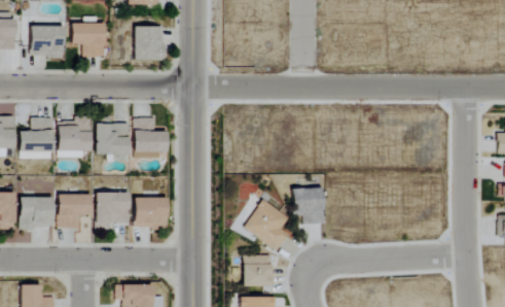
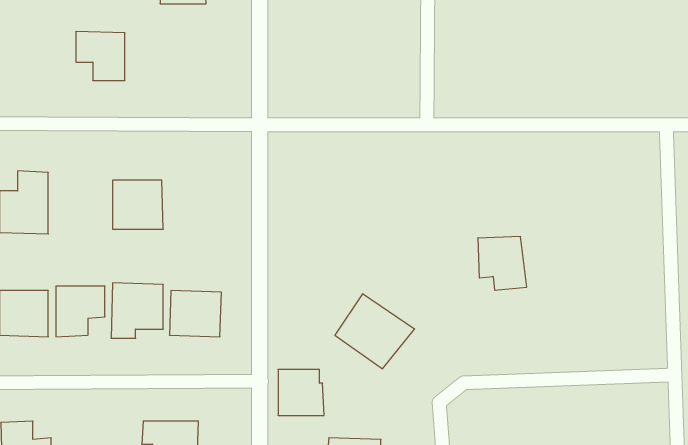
building: [30,25,64,57] -> none
building: [134,26,167,60] -> none
building: [58,115,92,156] -> none
building: [134,116,169,157] -> none
building: [293,187,326,224] -> [478,237,527,290]
building: [244,254,275,285] -> [278,369,324,415]

